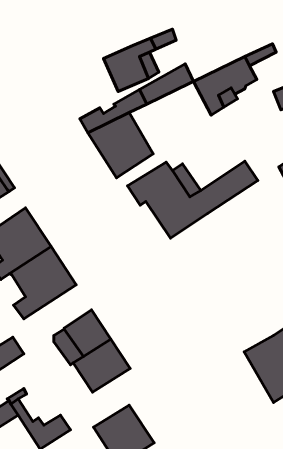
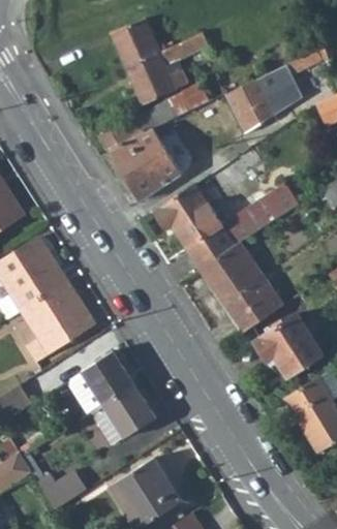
building: none -> [111,20,158,68]
building: none -> [201,243,283,333]
building: none -> [254,315,321,378]

